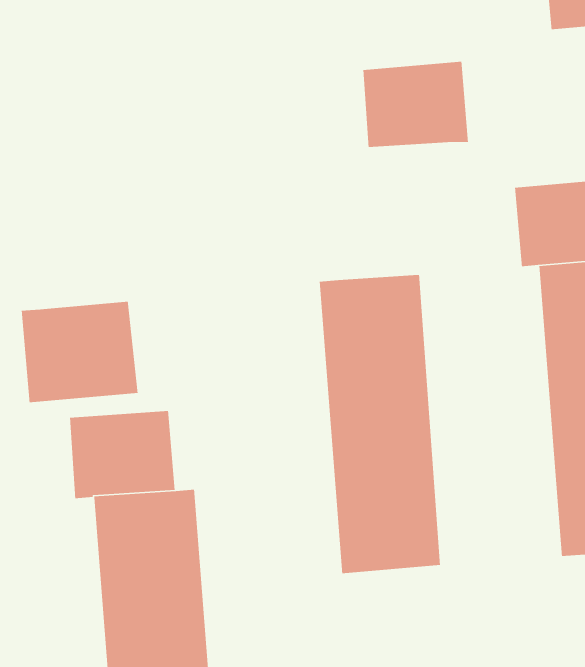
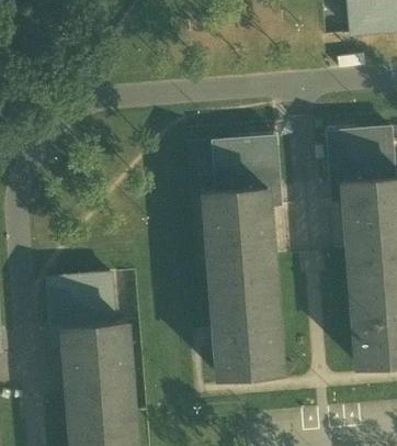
building: [363,61,469,148] -> [213,136,280,191]
building: [21,301,138,403] -> none

